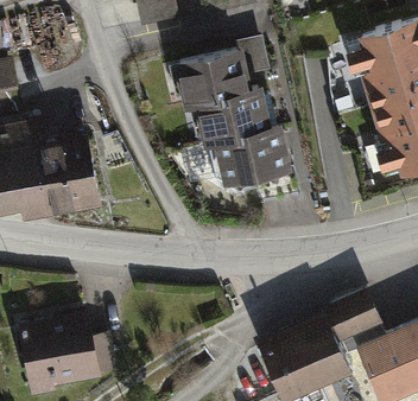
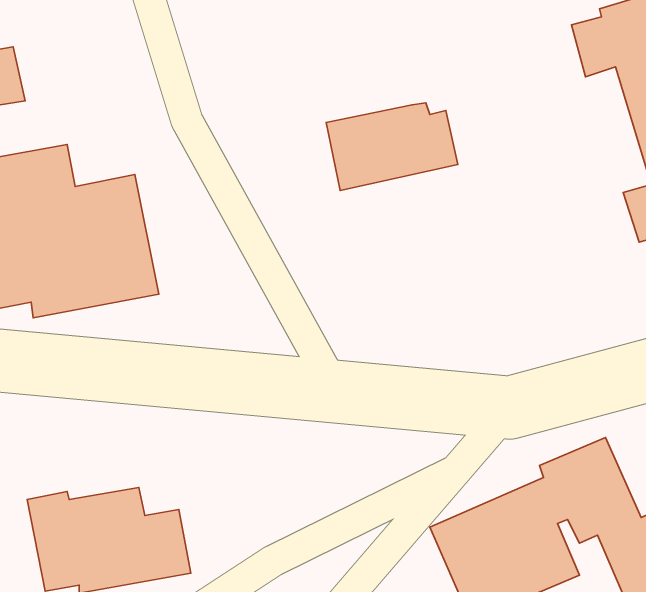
building: [178,37,268,104] -> none
building: [205,127,297,200] -> none

